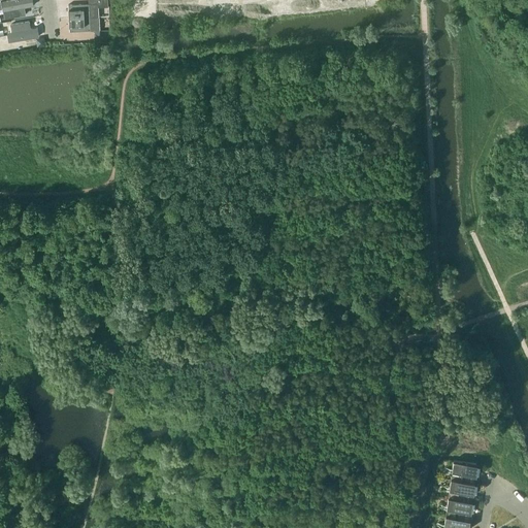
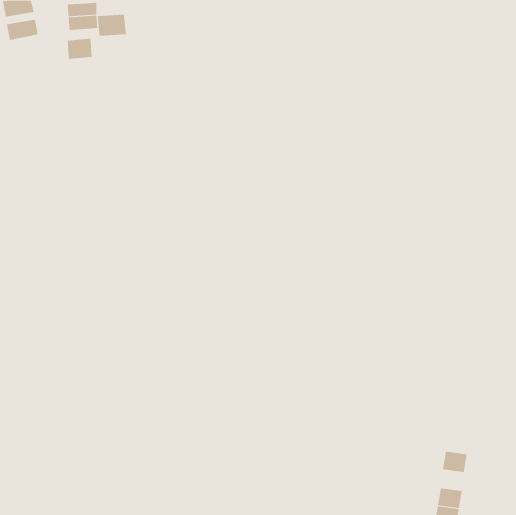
building: none -> [97,14,126,37]
building: none -> [67,38,92,59]
building: [450,481,474,502] -> none

